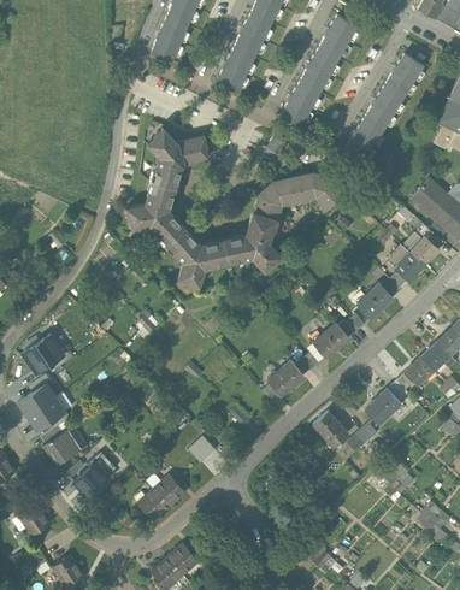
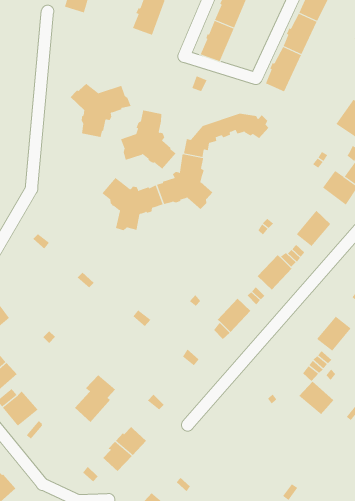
building: [130,181,184,242] -> [120,110,177,170]
building: [313,412,348,447] -> [298,381,334,415]
building: [73,452,117,498] -> [74,375,116,423]

